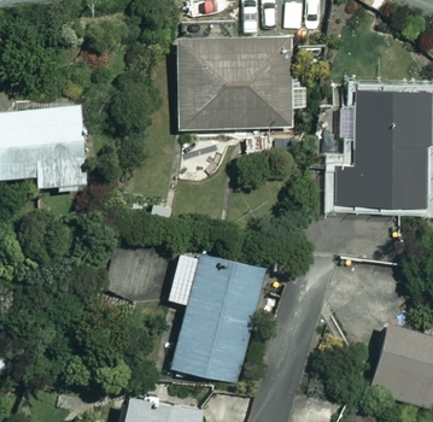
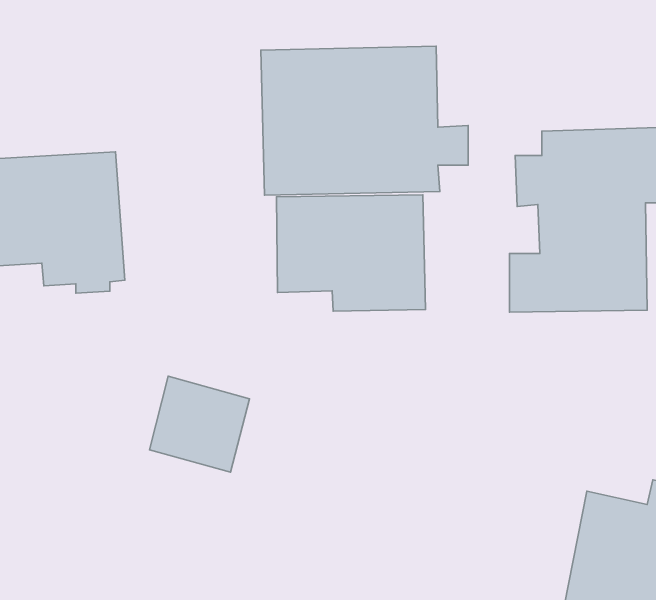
building: none -> [276,195,425,311]
building: [170,247,265,383] -> none

